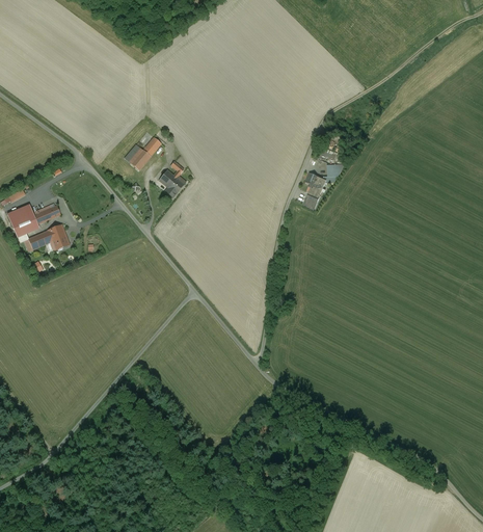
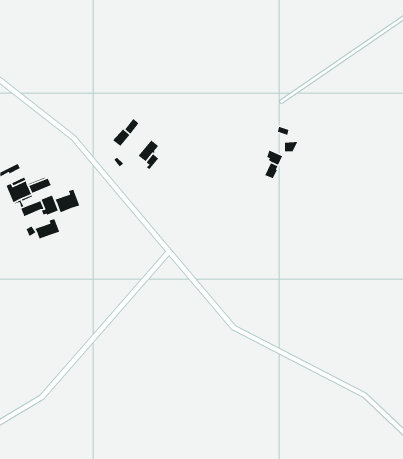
building: none -> [54,189,80,213]
building: none -> [34,218,60,240]

